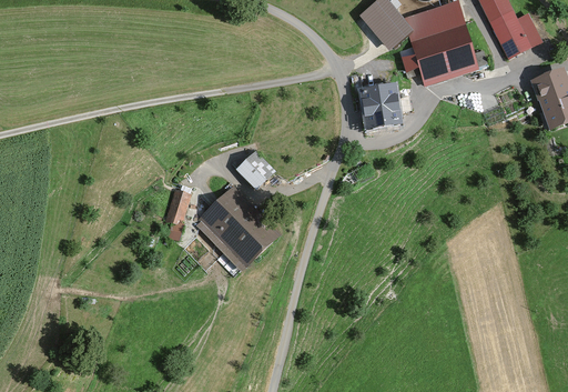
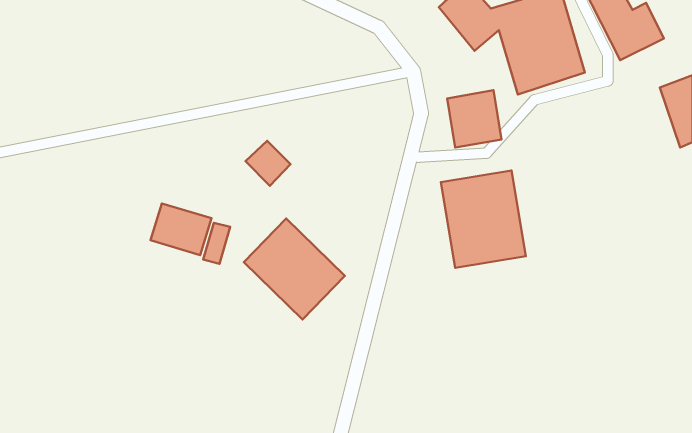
building: none -> [441,170,526,268]
building: [239,152,275,189] -> [245,141,290,186]
building: none -> [151,204,212,255]

